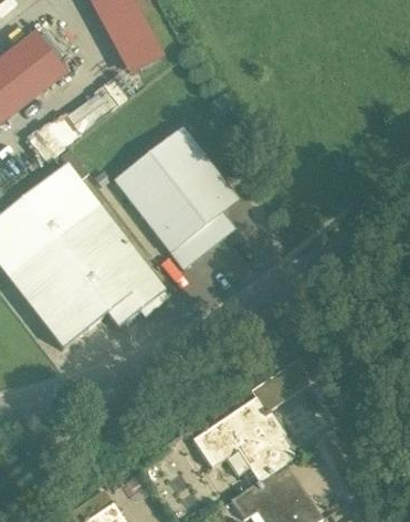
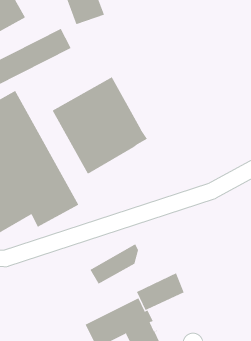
building: [171,212,229,270] -> [90,243,139,284]

